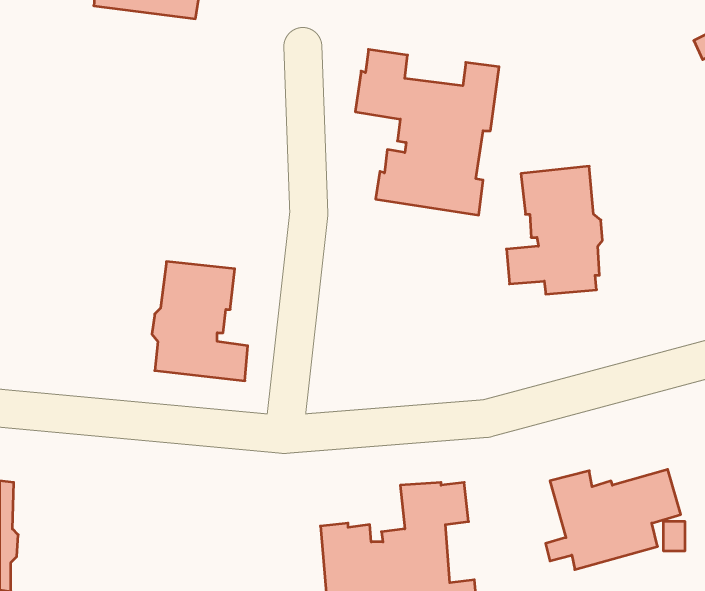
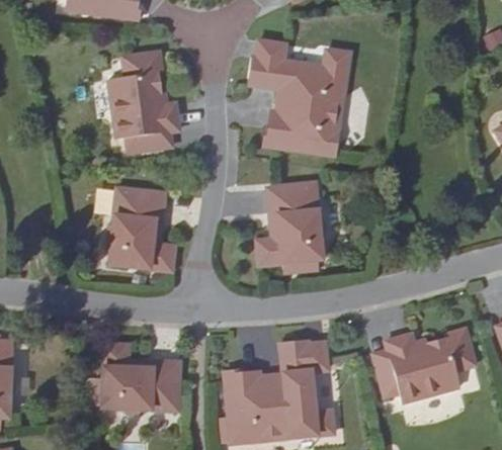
building: none -> [107,53,178,153]
building: [506,166,602,294] -> [256,183,323,272]
building: none -> [101,344,179,413]

